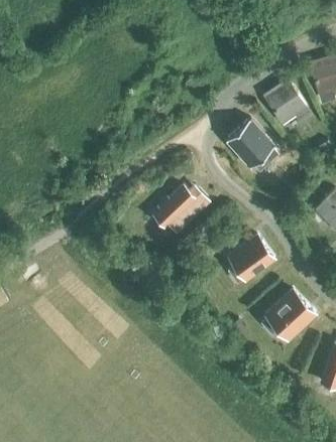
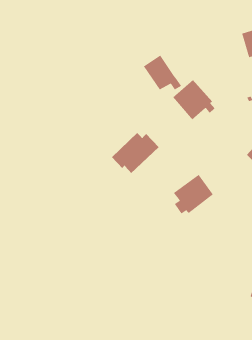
building: [266,81,314,124] -> [143,55,182,90]
building: [260,287,317,339] -> none

